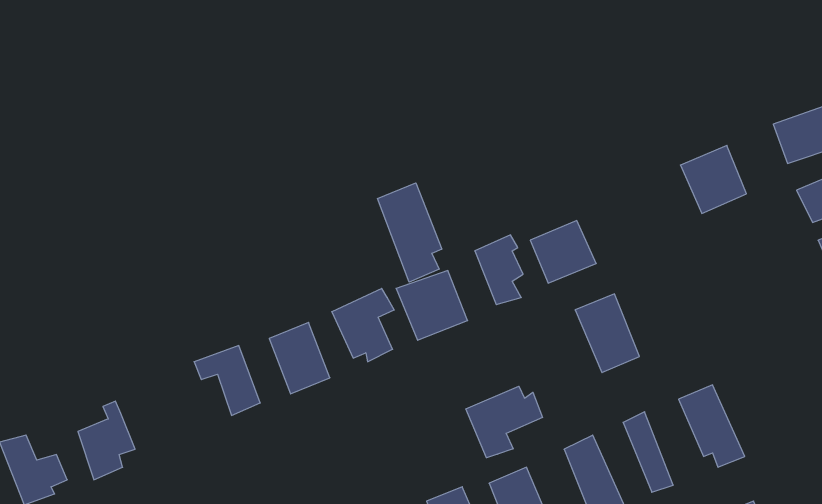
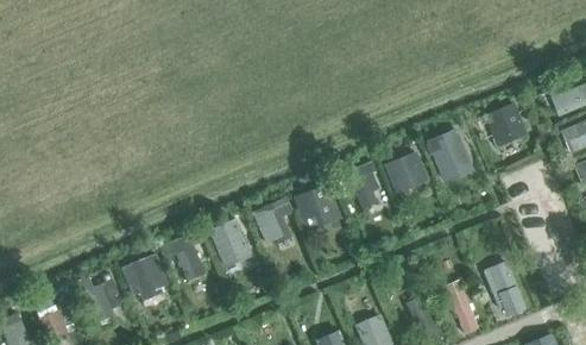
building: [377,183,442,282] -> none
building: [575,294,639,373] -> [428,128,471,181]
building: none -> [122,253,169,299]
building: [466,386,543,458] -> none

